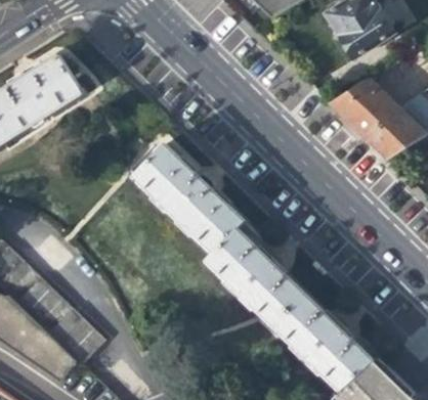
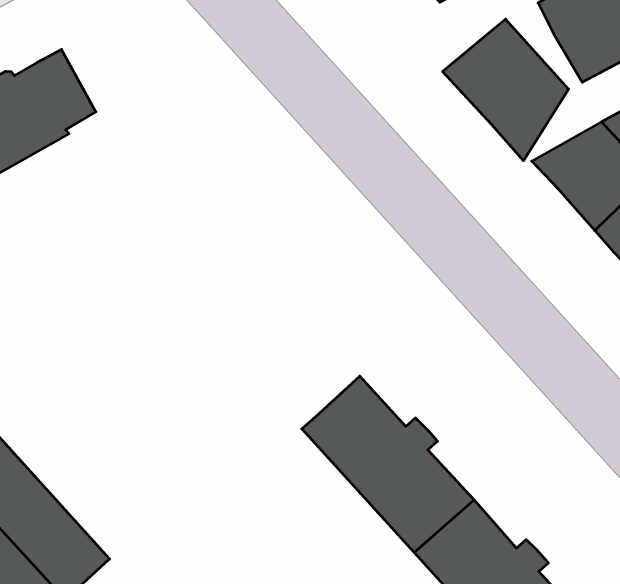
building: none -> [443,19,569,161]
building: [134,144,245,254] -> none

